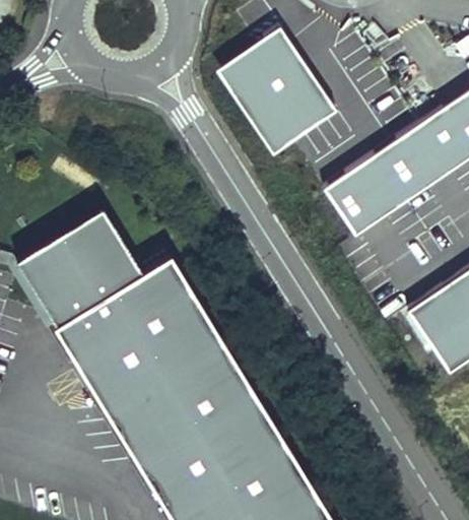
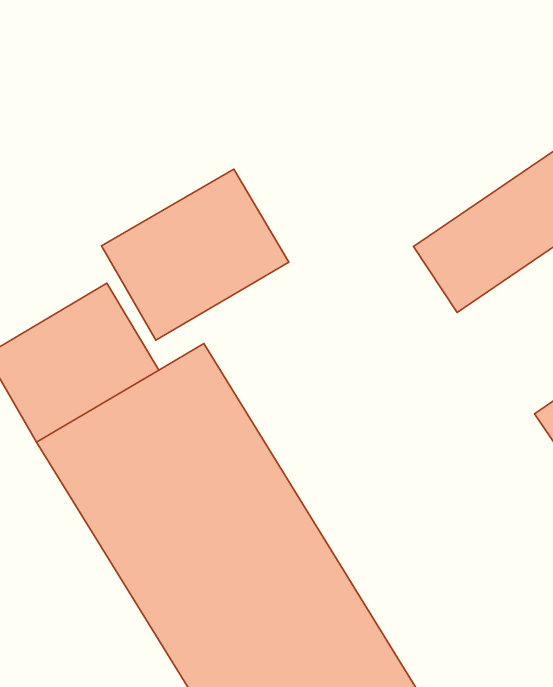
building: [218,26,337,151] -> none
building: none -> [102,169,289,340]

